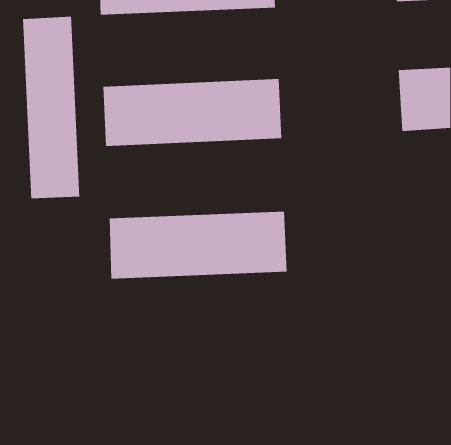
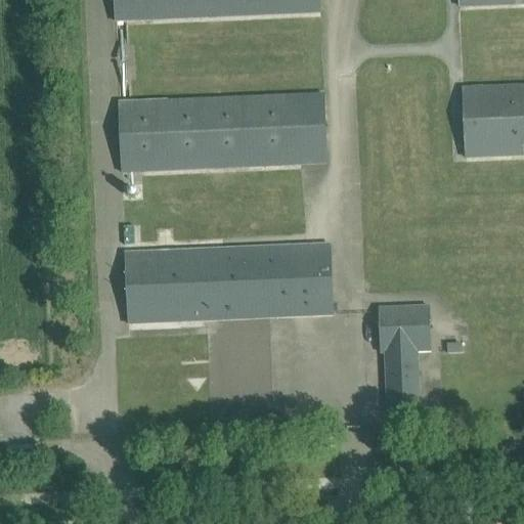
building: [23,16,80,199] -> none
building: none -> [380,300,430,407]

